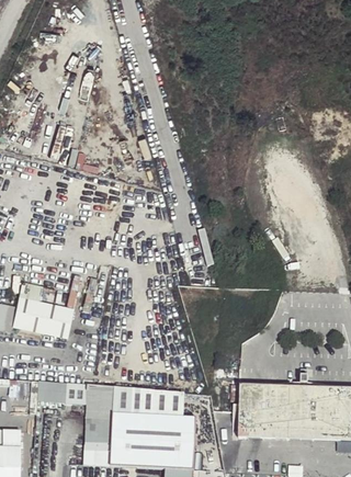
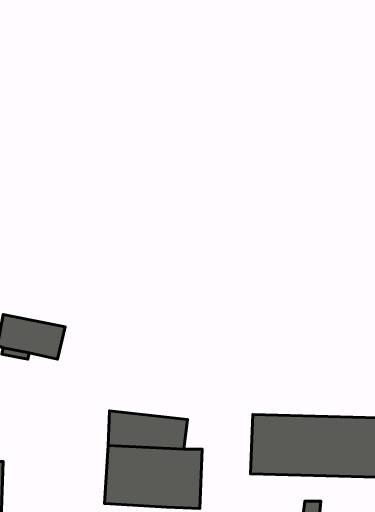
building: [82,382,114,465] -> none

